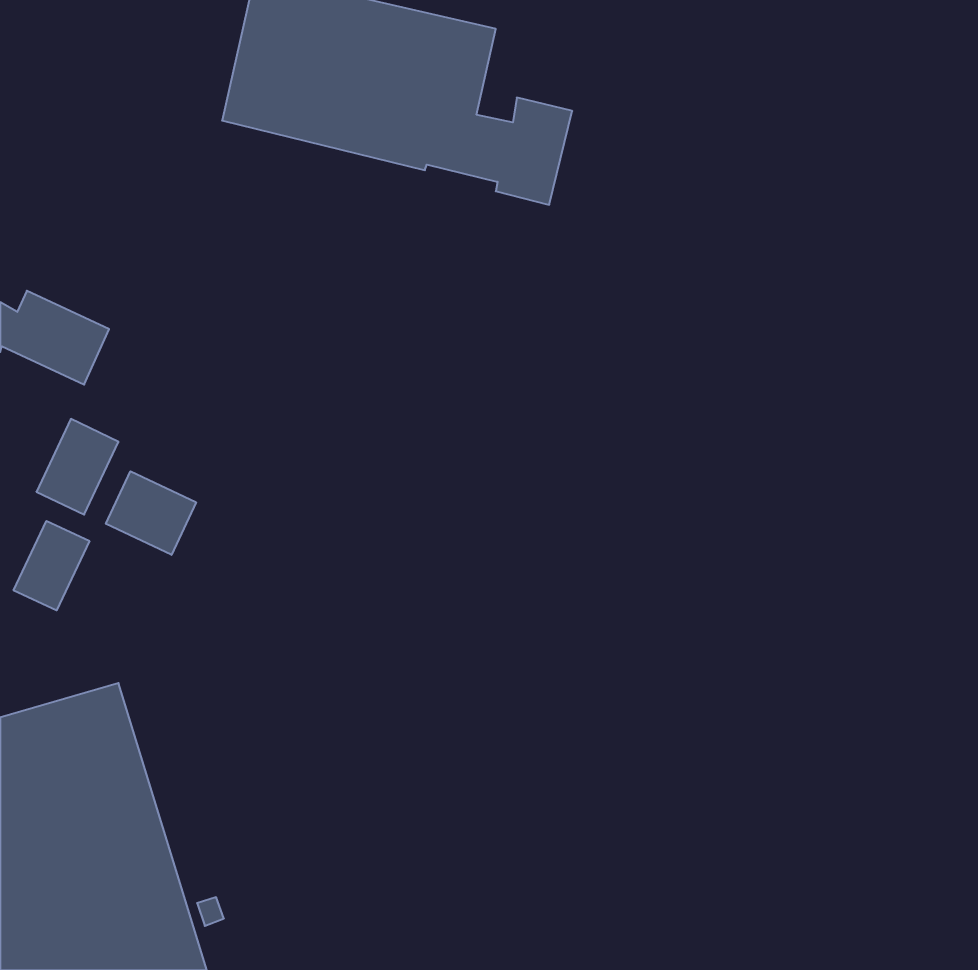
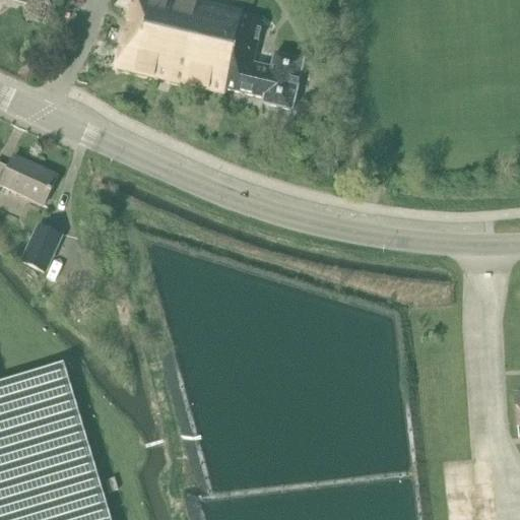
building: [106,471,196,555] -> none
building: [14,521,89,610] -> none

